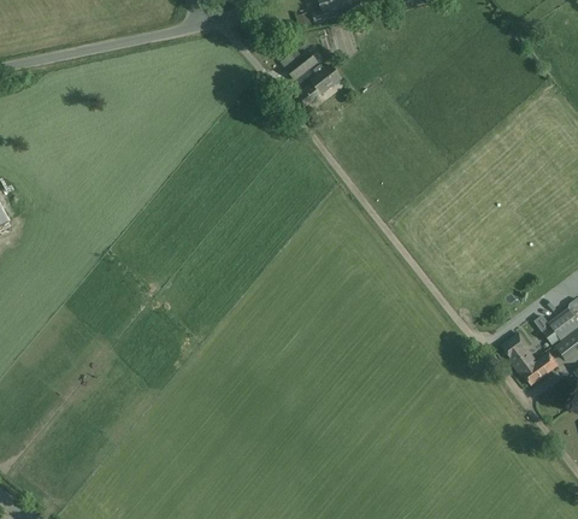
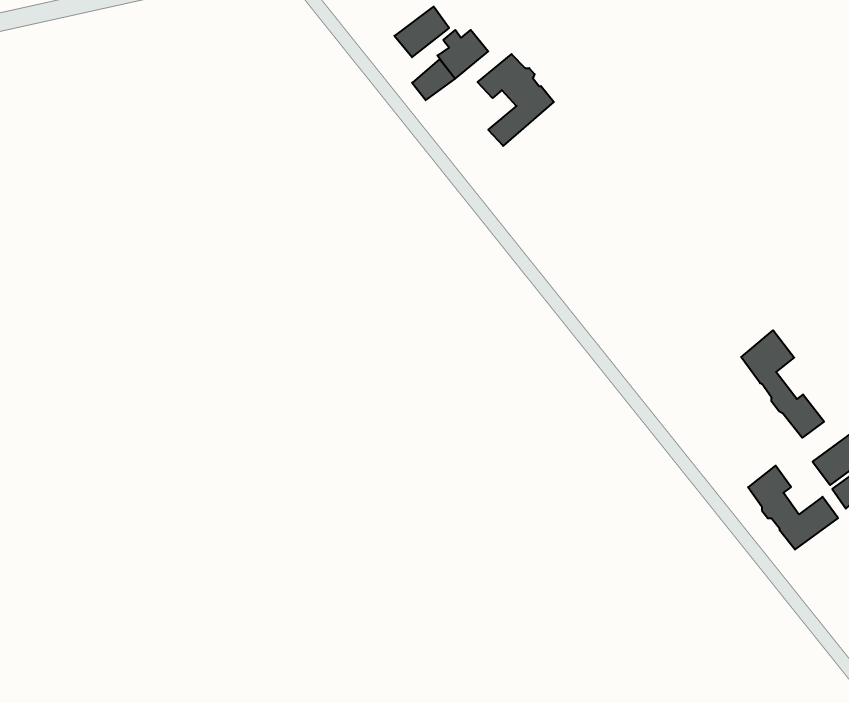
building: none -> [478,54,554,146]
building: none -> [741,330,824,438]

